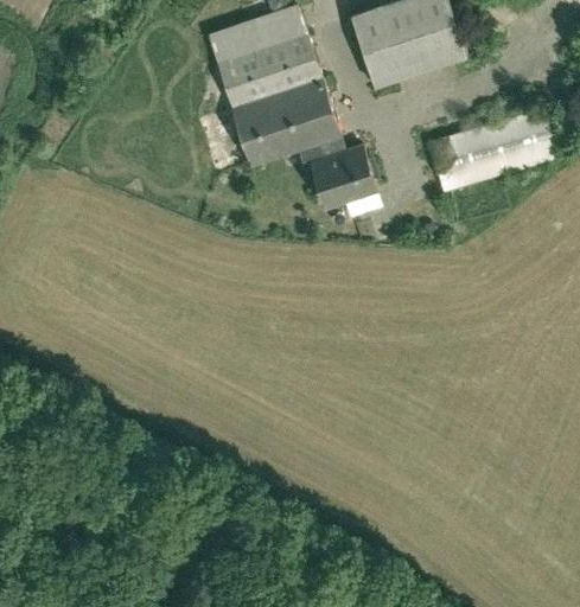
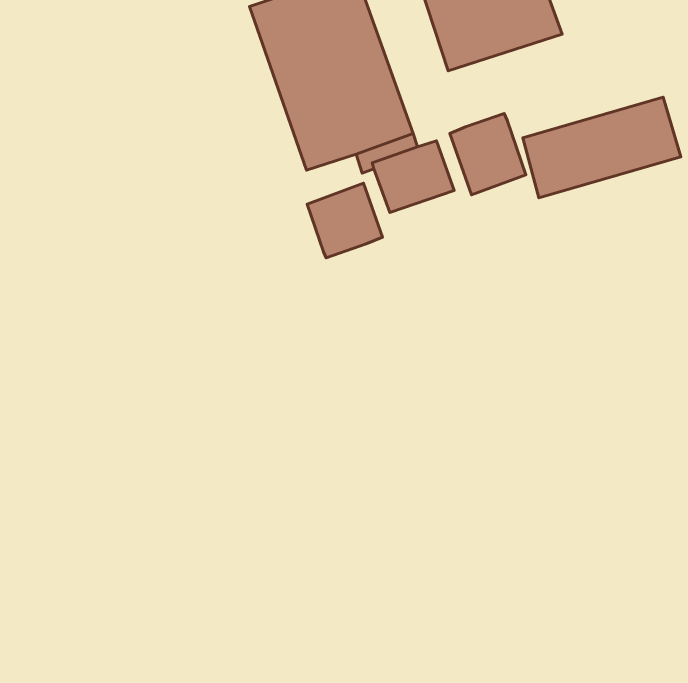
building: none -> [450,113,526,195]
building: none -> [307,183,383,258]

